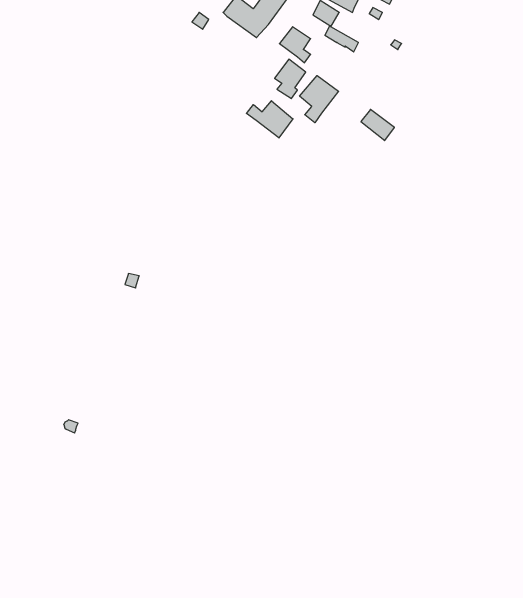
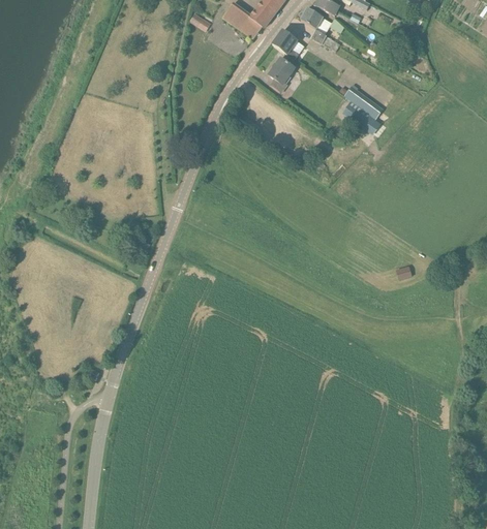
building: [300,76,339,123] -> none
building: [246,101,293,138] -> none

